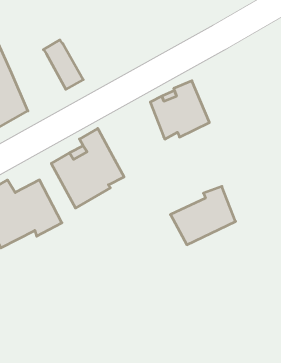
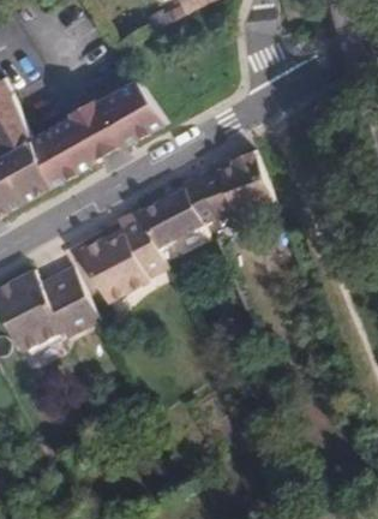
building: none -> [94,79,164,148]
building: none -> [30,115,97,186]
building: [170,186,236,245] -> [138,175,218,247]

